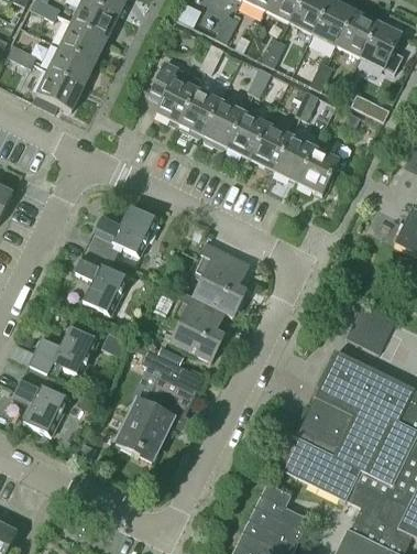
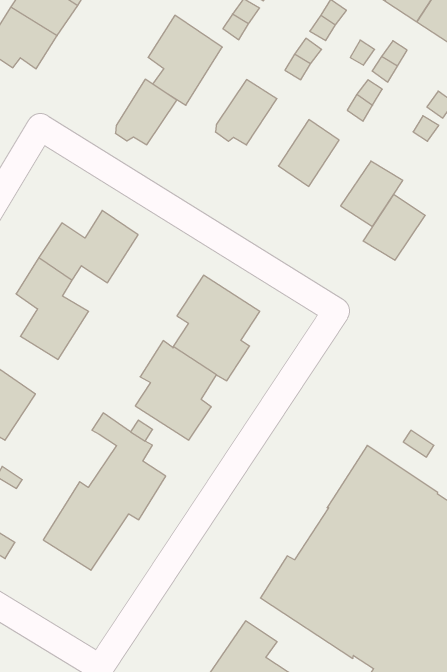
building: [180,88,221,134] -> [115,79,177,145]
building: [227,111,268,159] -> none
building: [274,135,316,182] -> [363,195,425,260]

